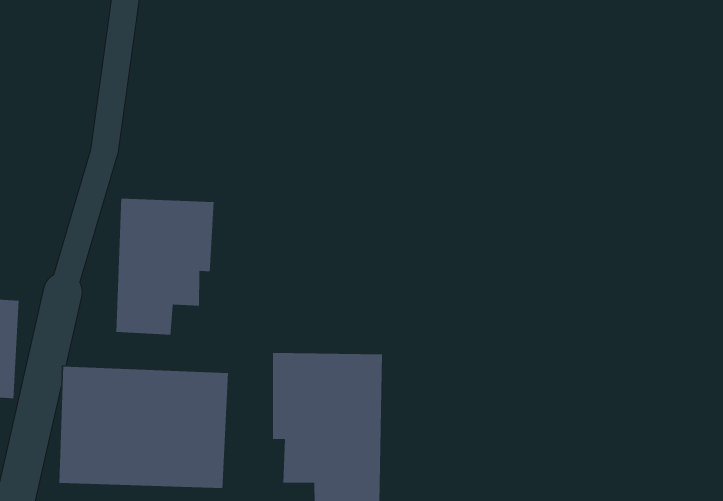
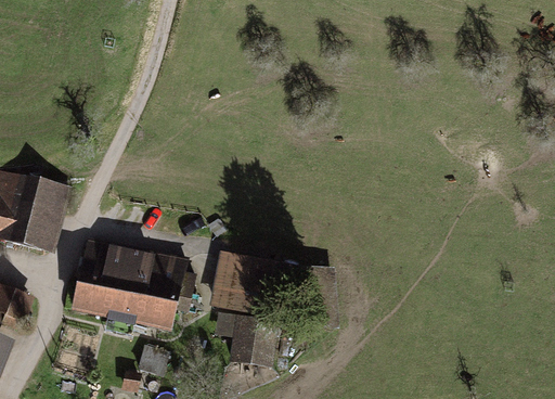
building: [116,198,214,336] -> none

